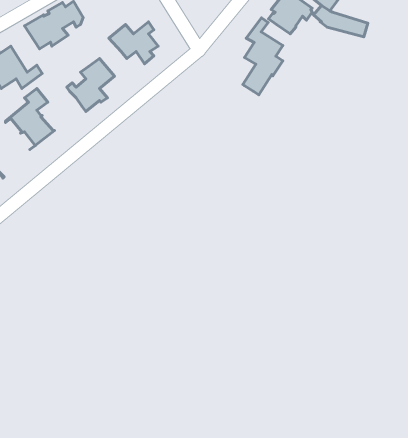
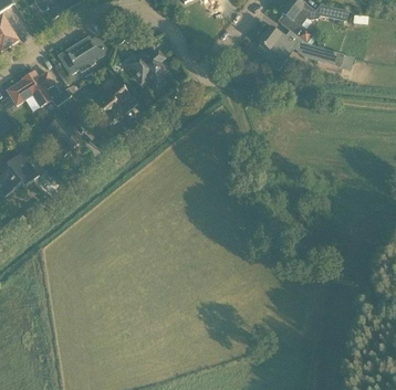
building: [243,18,283,95] -> none

